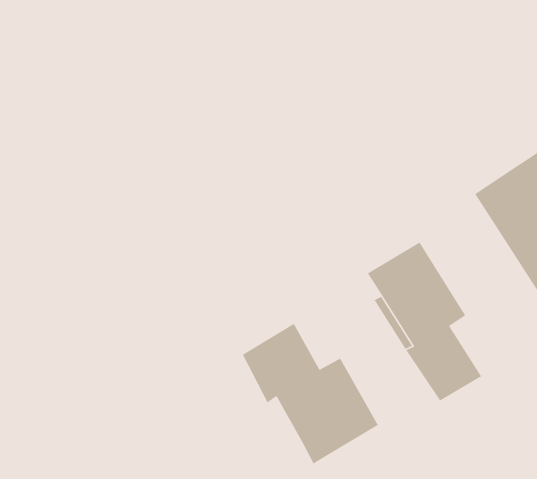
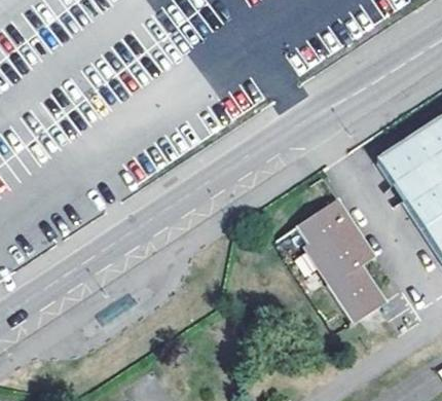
building: [242,323,379,464] -> none

